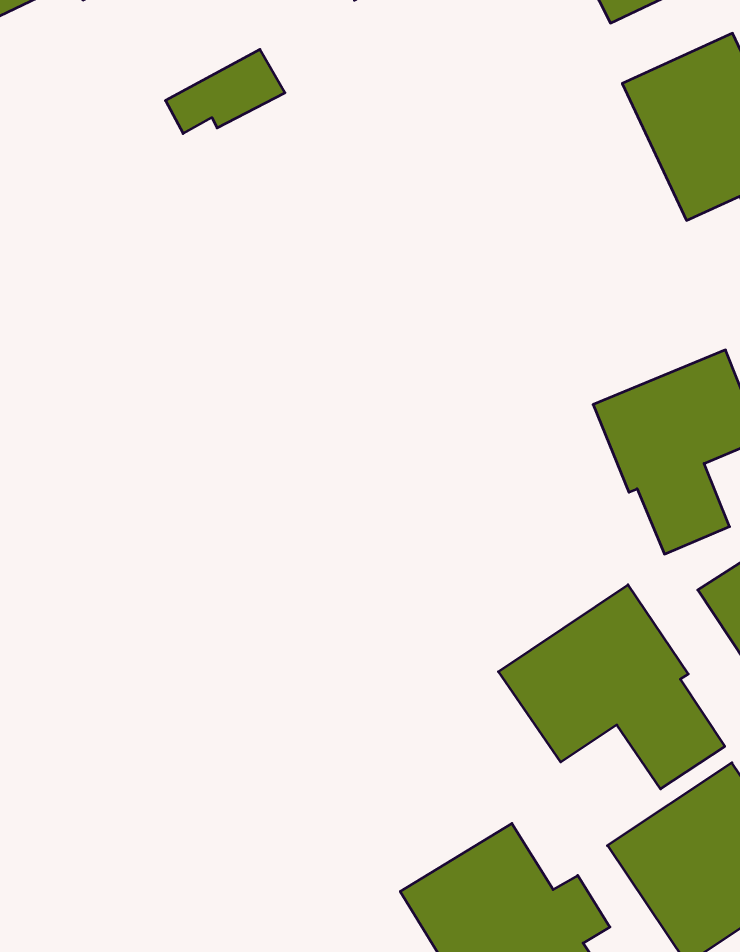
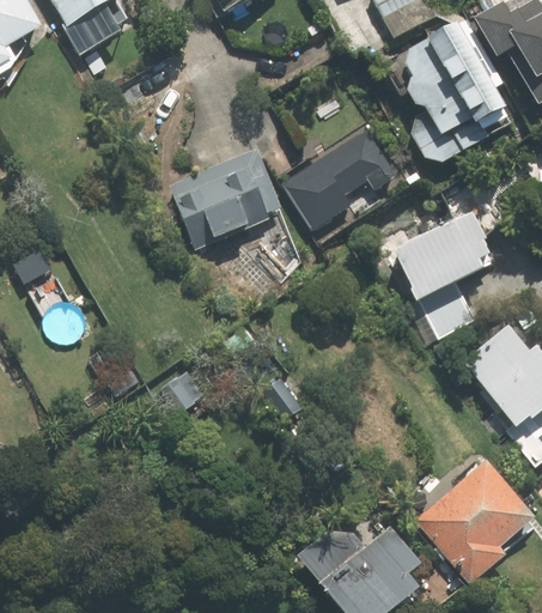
building: none -> [285,125,391,229]
building: none -> [169,150,280,239]
building: [498,585,725,789] -> none

